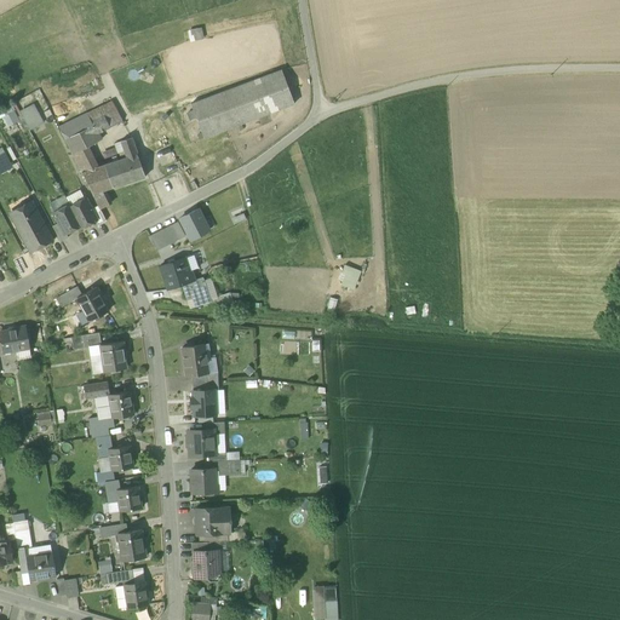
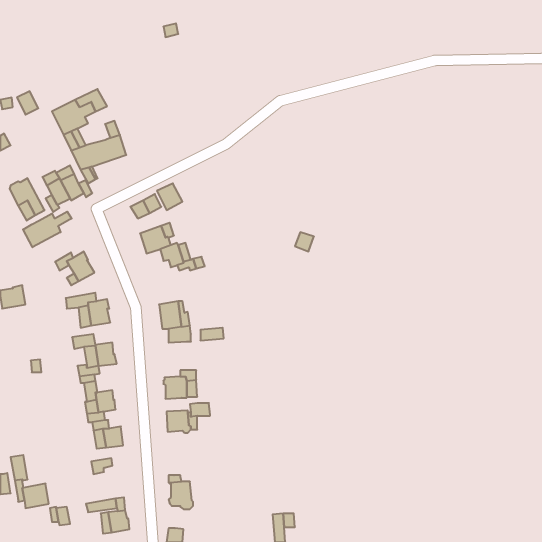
building: [190,70,294,138] -> none
building: none -> [23,212,72,247]
building: [190,390,216,415] -> none
building: [195,507,228,534] -> none
building: [119,529,144,562] -> none

